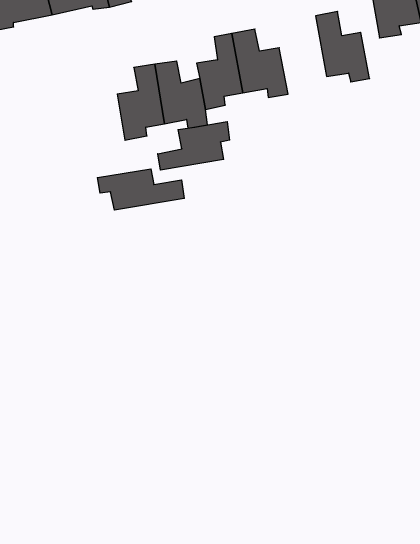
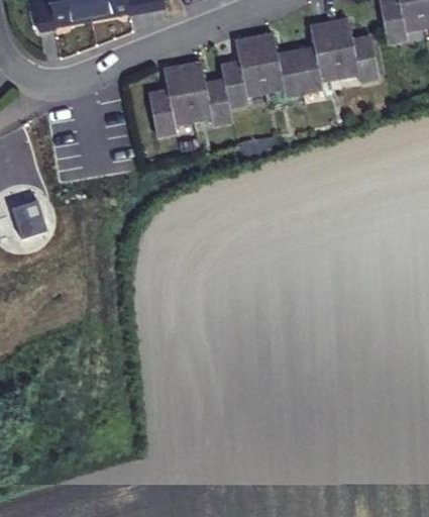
building: none -> [296,21,339,93]
building: [158,122,230,170] -> none
building: [97,169,184,210] -> none

